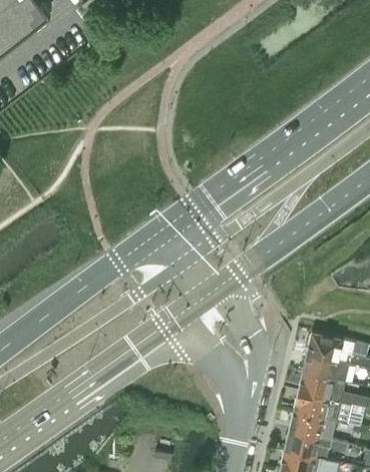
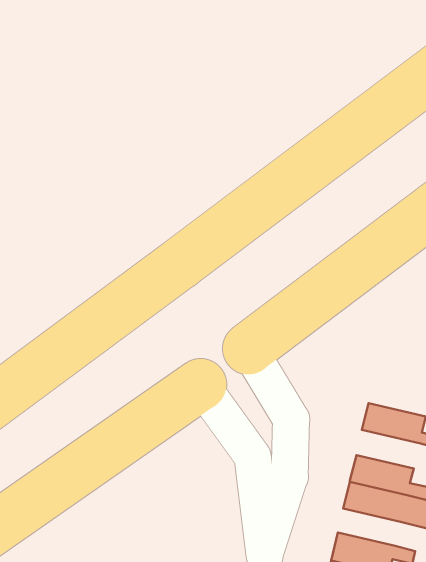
building: [302,361,349,390] -> none
building: [288,420,335,448] -> none

